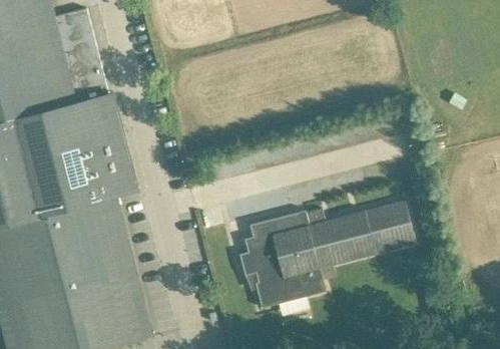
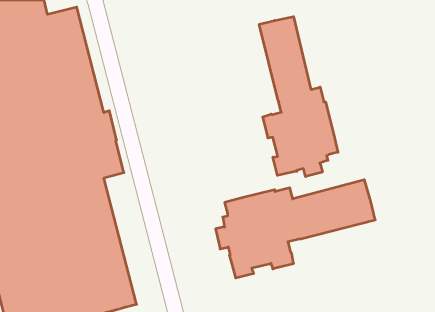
building: none -> [259,17,338,177]

